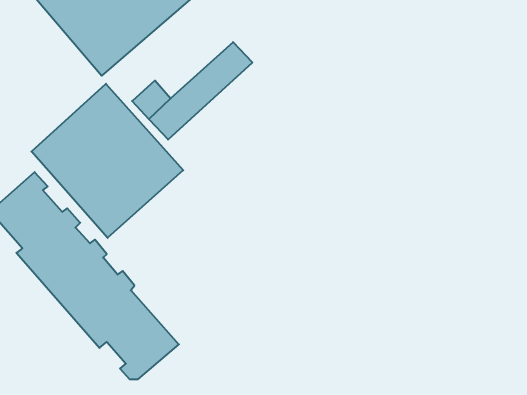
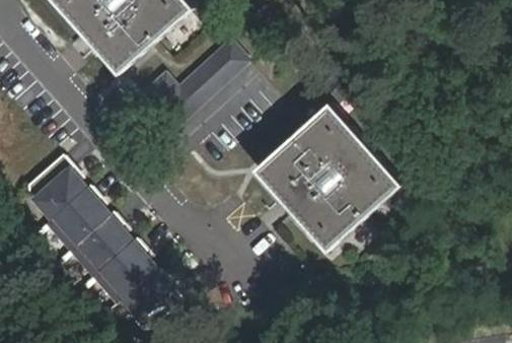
building: [31,84,183,238] -> none
building: none -> [255,105,400,251]

